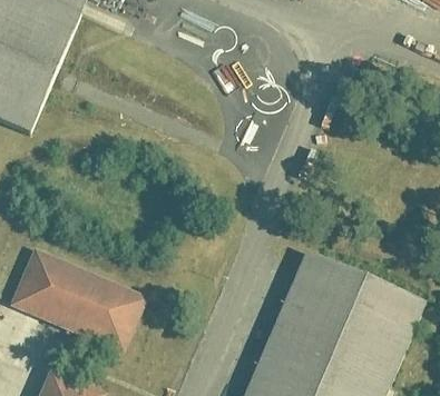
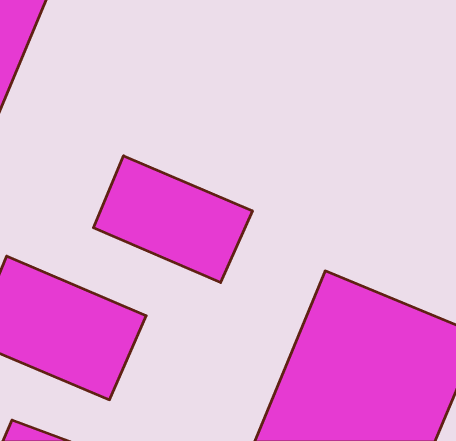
building: none -> [93,156,252,283]

